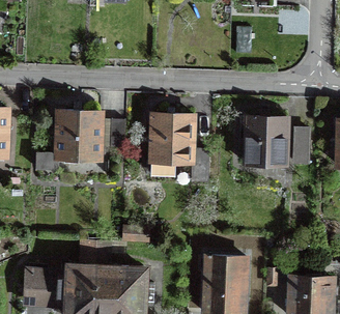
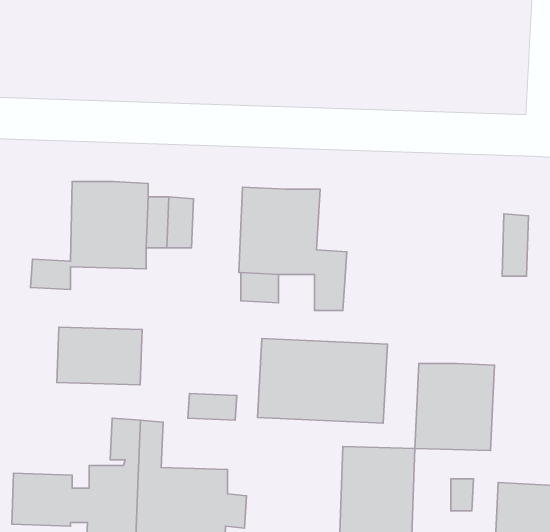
building: [244,117,287,165] -> [415,363,494,450]
building: none -> [57,327,142,385]
building: none -> [258,339,387,423]

